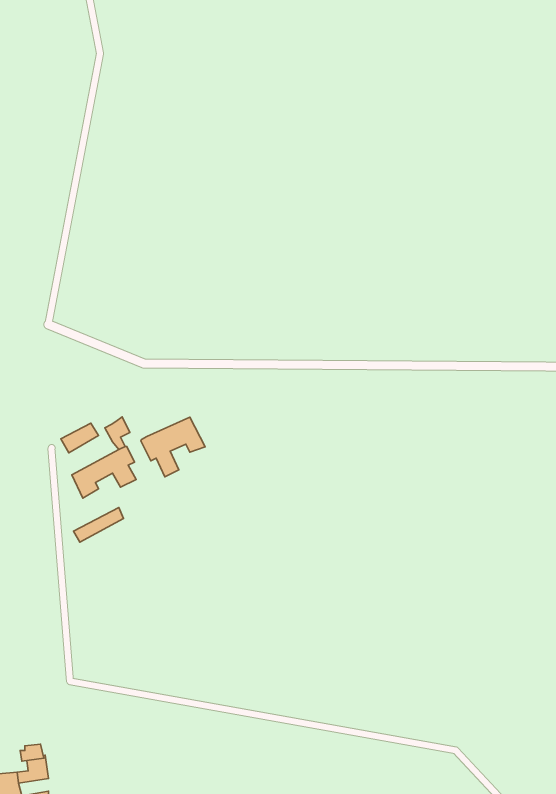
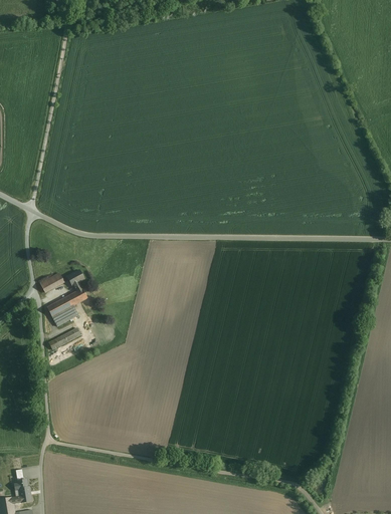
building: [141,417,205,477] -> none

